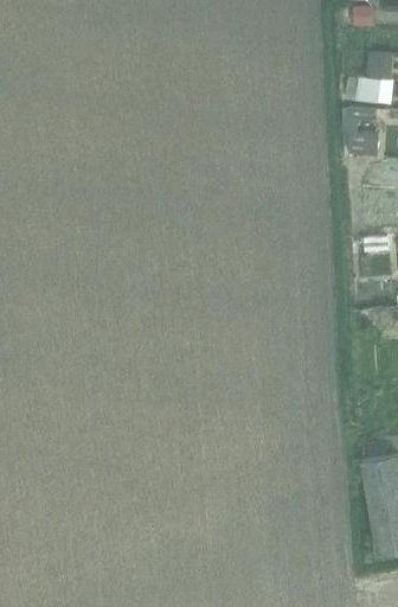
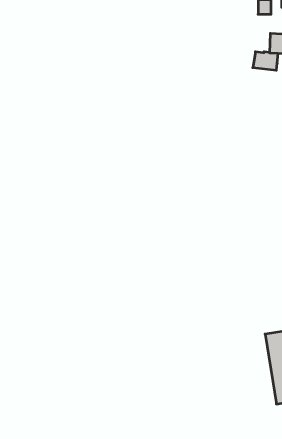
building: [346,107,378,155] -> none

